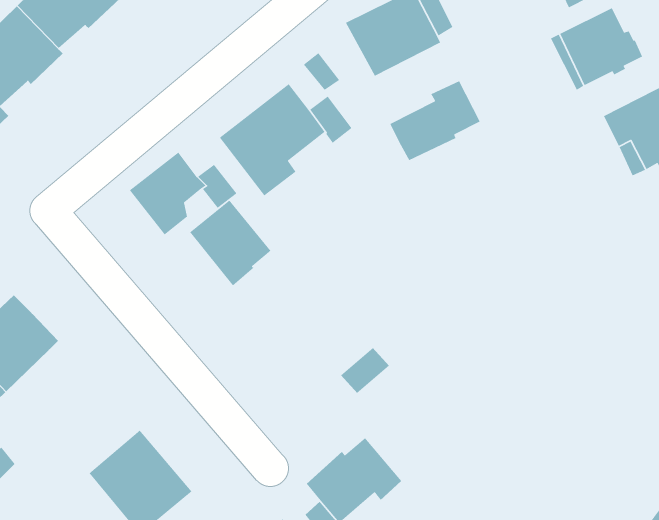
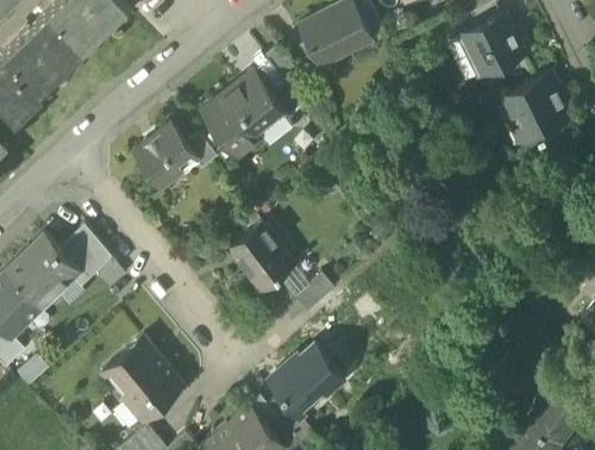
building: [390,80,481,161] -> none
building: [189,200,272,287] -> [227,225,290,292]
building: none -> [58,225,111,287]

